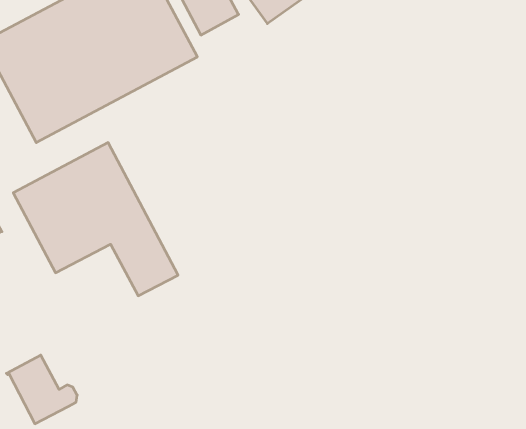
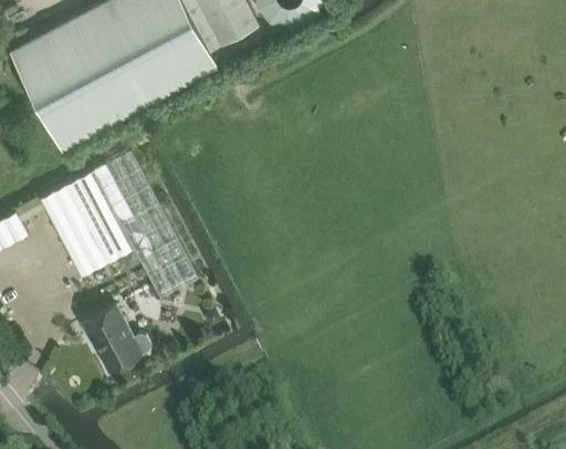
building: [6,355,77,424] -> [82,306,150,373]

